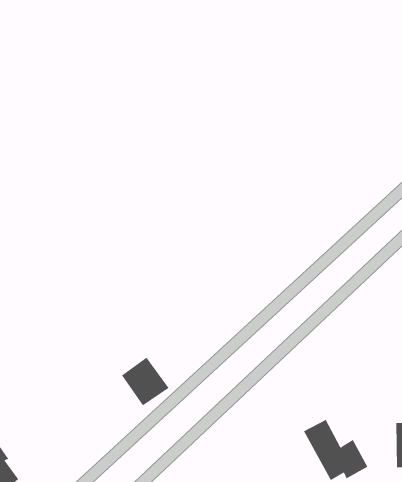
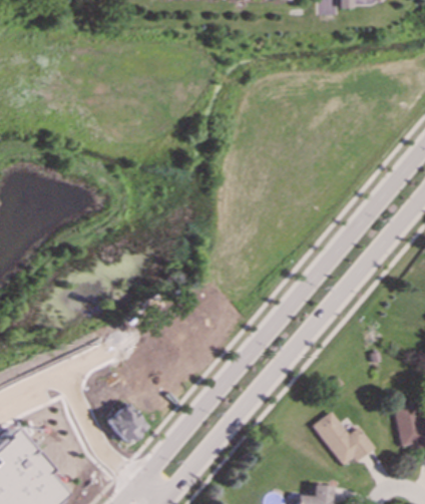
building: [121,357,169,406] -> [104,404,148,448]

